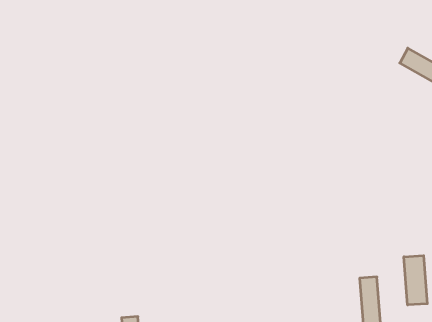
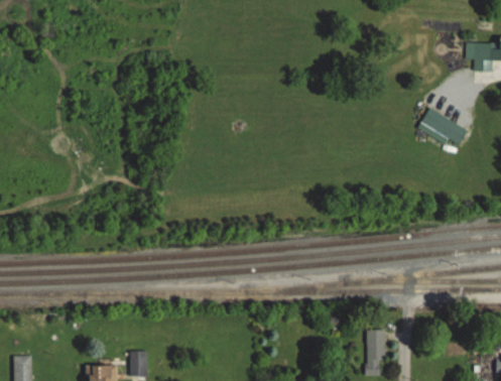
building: [404,256,427,305] -> none

